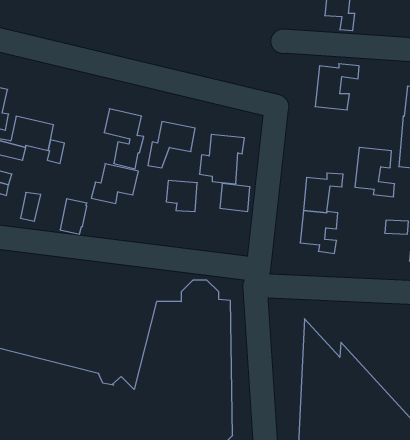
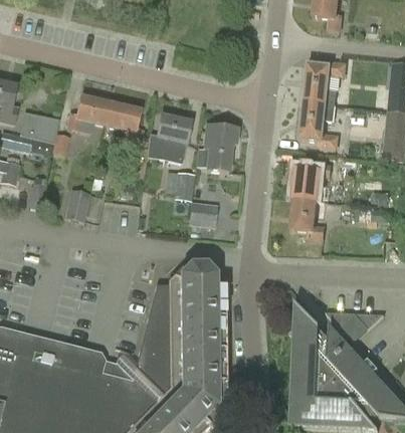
building: [355,147,395,197] -> [299,100,337,147]
building: [91,164,138,203] -> [66,95,111,133]
building: [220,184,250,211] -> [188,200,216,226]
building: none -> [328,310,383,340]

